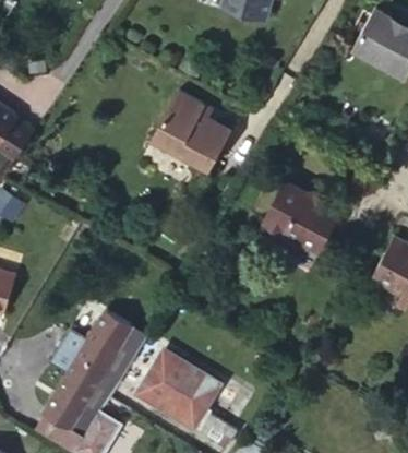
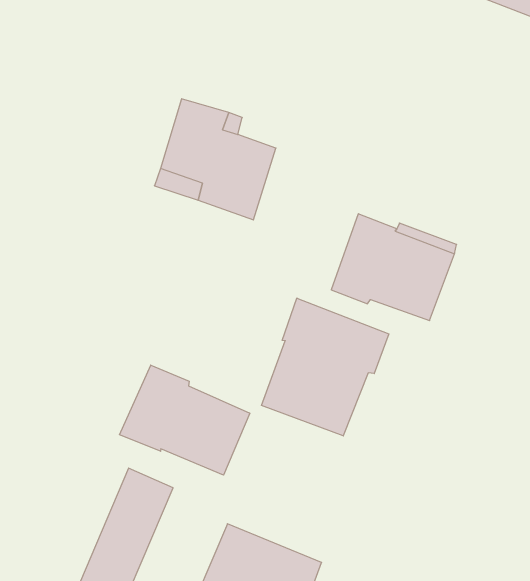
building: none -> [262,298,389,436]
building: none -> [120,365,250,475]

